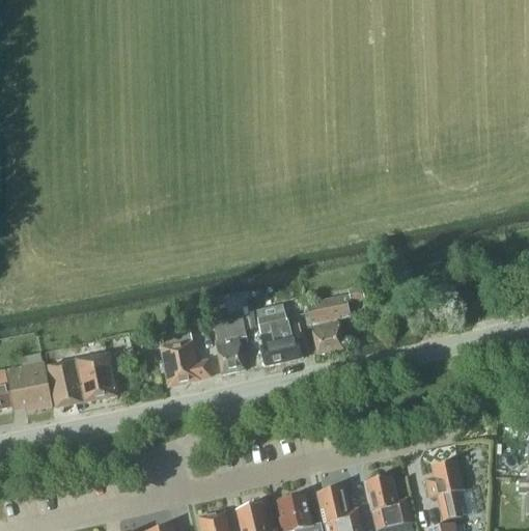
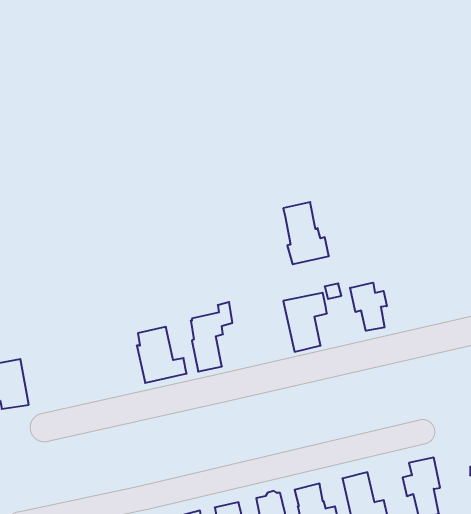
building: none -> [350,283,387,331]
building: [255,303,301,365] -> [283,202,329,264]
building: [48,354,116,408] -> none

